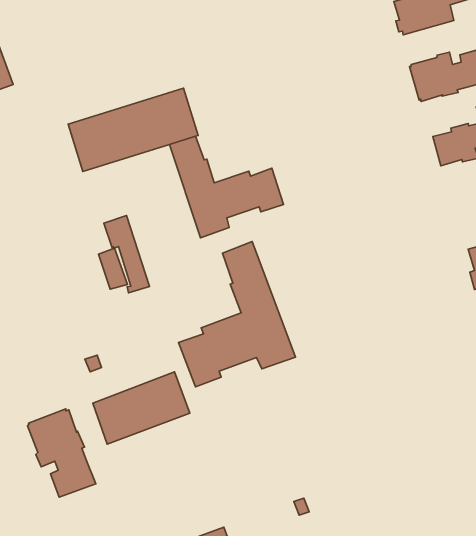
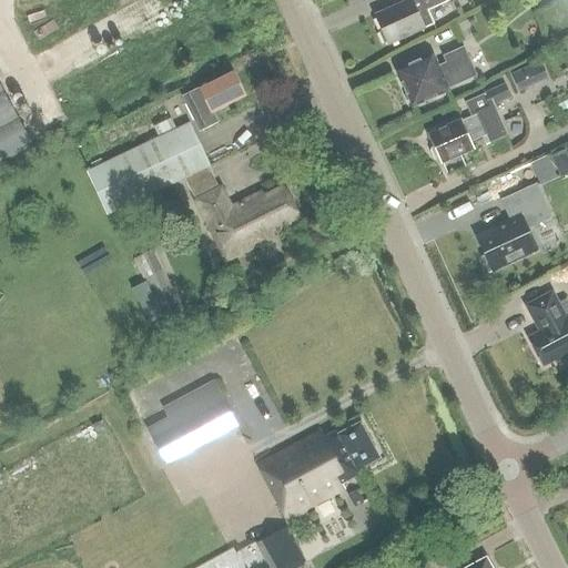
building: none -> [182,71,245,130]
building: [178,241,295,387] -> none
building: [27,409,96,497] -> none
building: none -> [258,420,379,518]

